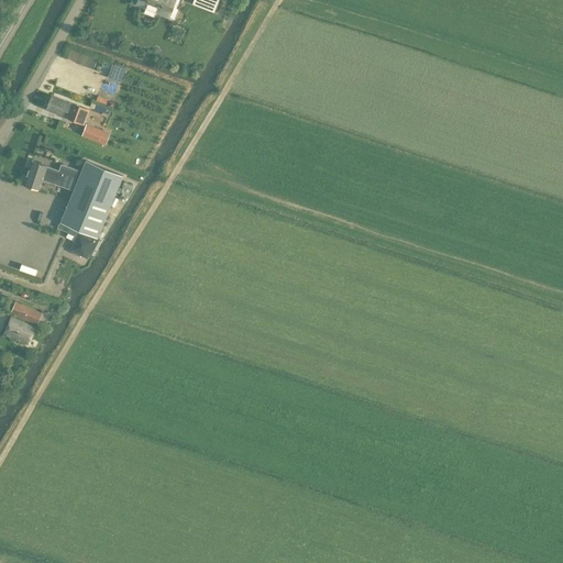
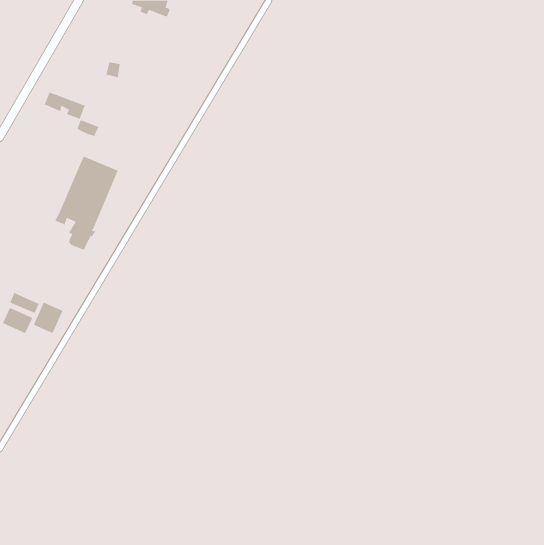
building: [23,161,76,188] -> none
building: none -> [33,302,63,334]

